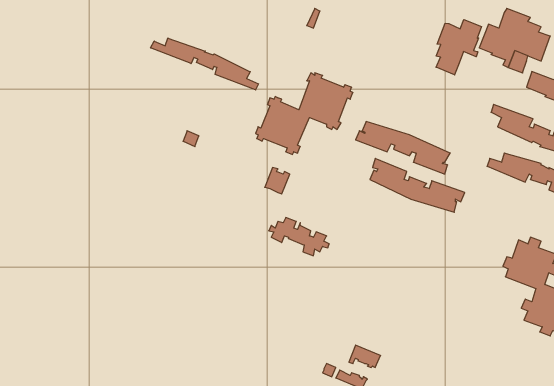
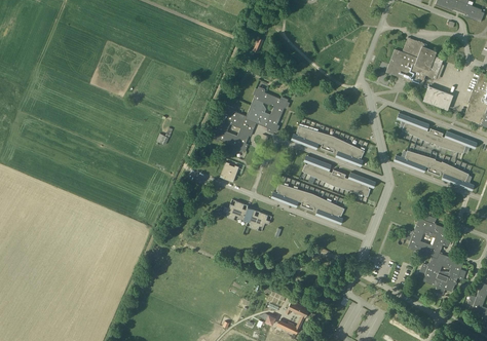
building: [436,20,482,75] -> none
building: [151,38,258,90] -> none
building: none -> [272,183,345,224]

